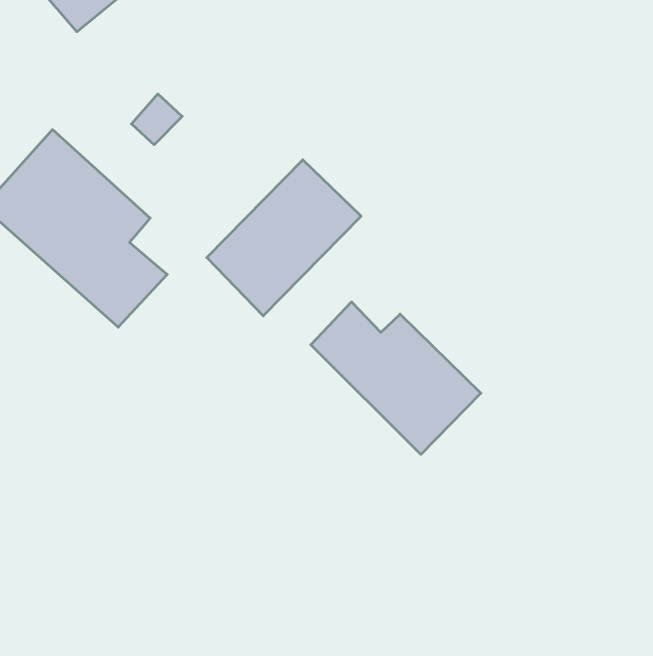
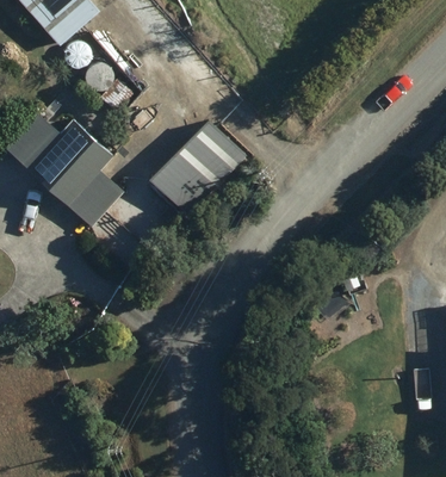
building: [311,302,481,454] -> none

